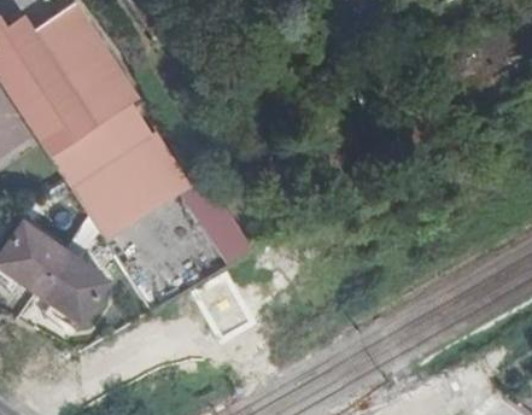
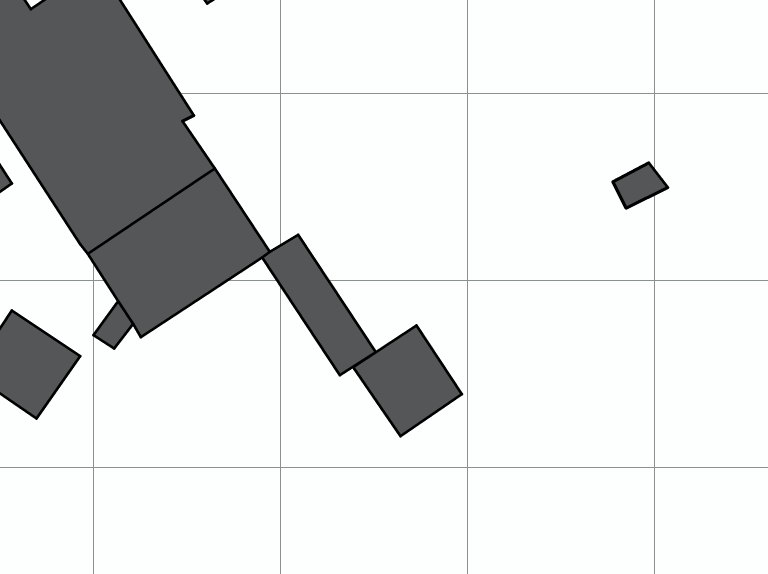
building: none -> [353,326,462,436]
building: [37,251,107,320] -> none

